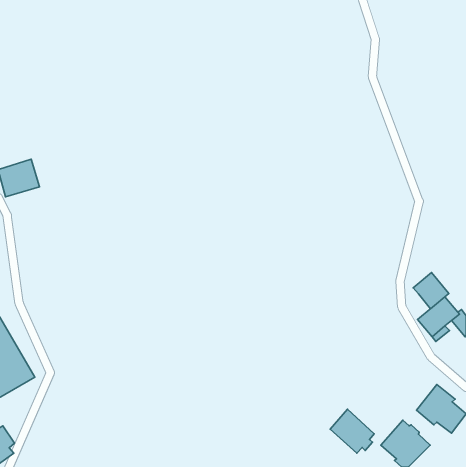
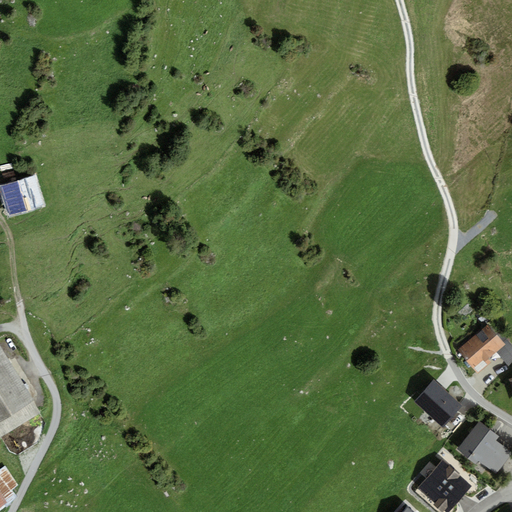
building: [413,273,449,309] -> none
building: [330,409,374,453] -> [412,378,460,426]

